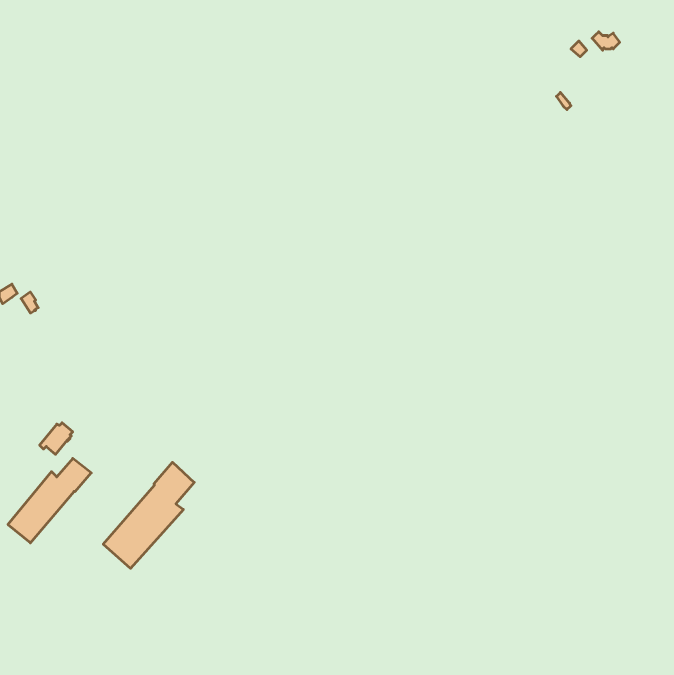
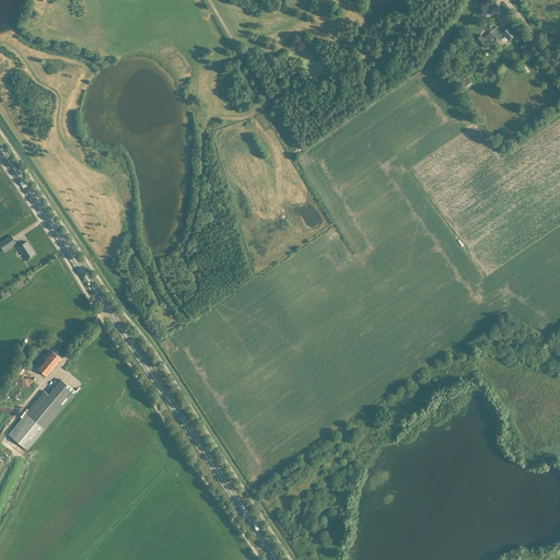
building: [103,462,194,568] -> none

